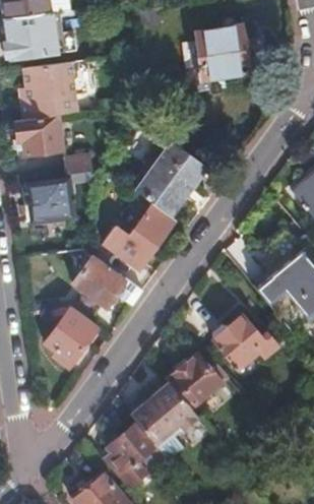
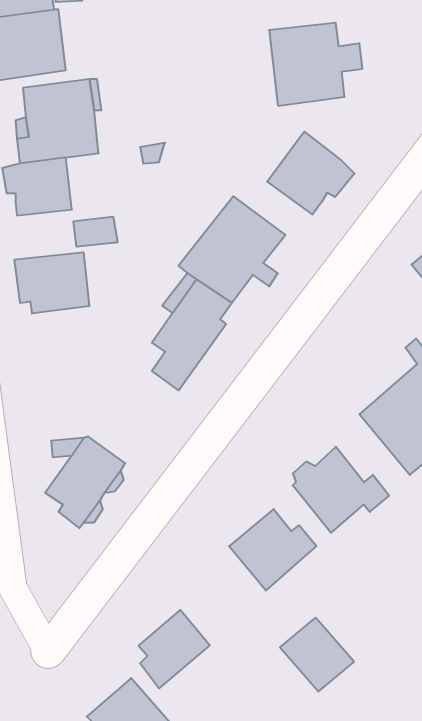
building: none -> [267,132,355,215]
building: [71,257,142,309] -> none
building: [129,394,180,445] -> [280,618,354,692]

